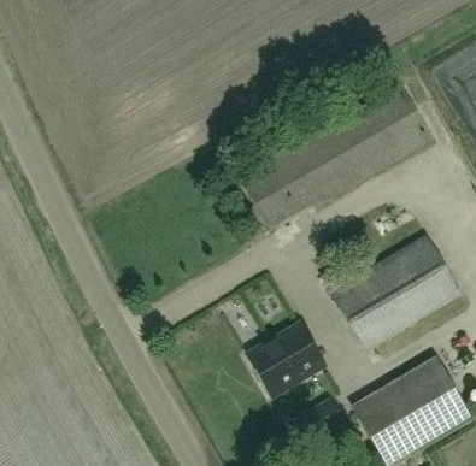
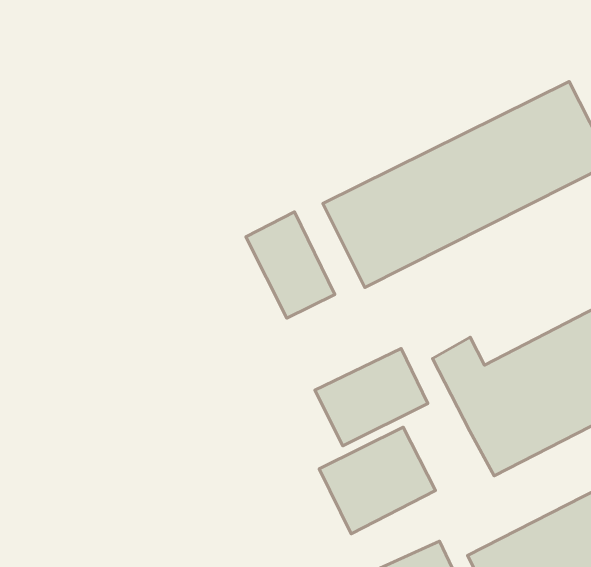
building: none -> [246,212,335,318]
building: none -> [315,349,428,446]

